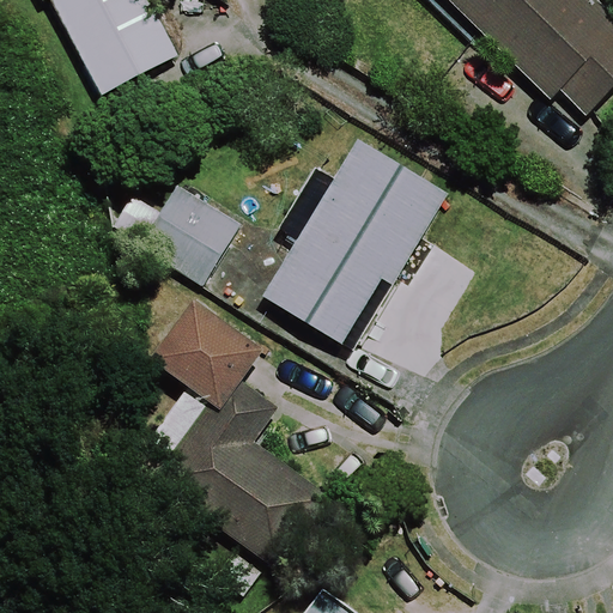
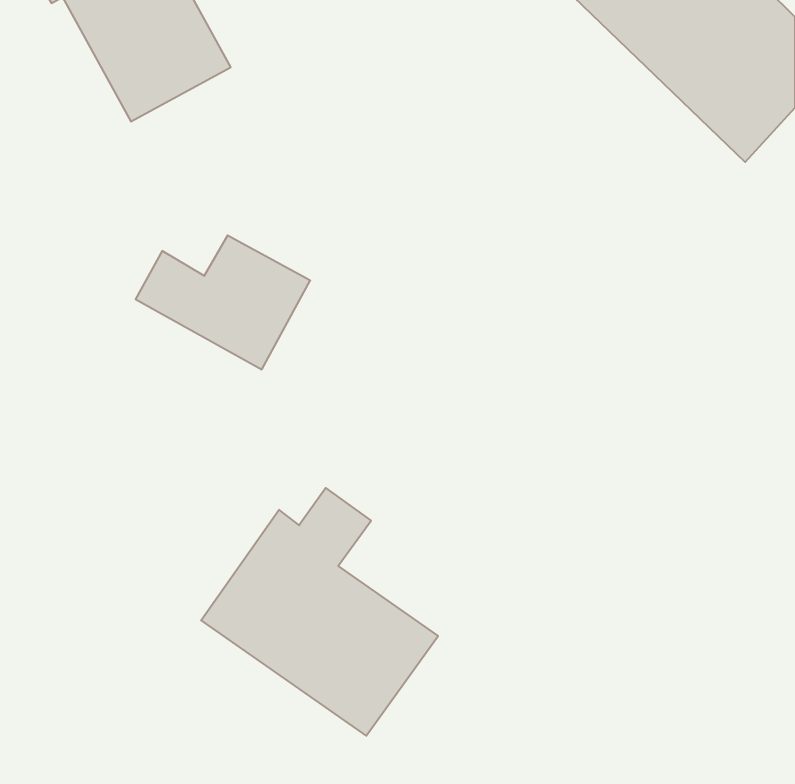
building: [265,140,444,347] -> none
building: [159,293,273,403] -> none

